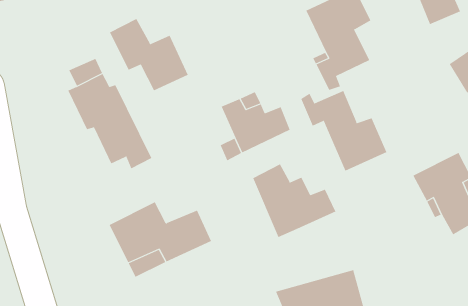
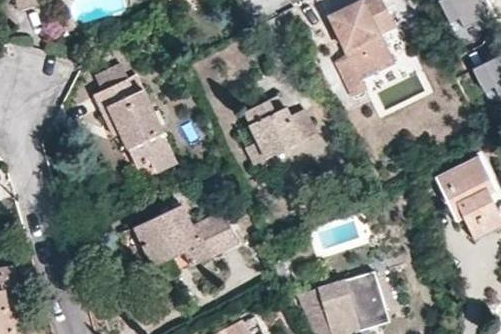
building: [109,18,189,91] -> none
building: [300,90,387,172] -> none
building: [253,163,336,238] -> none

